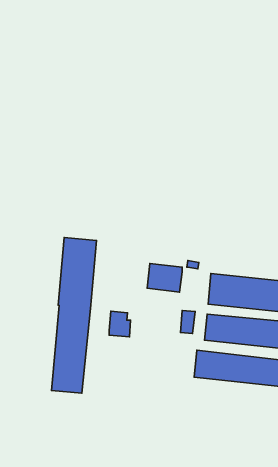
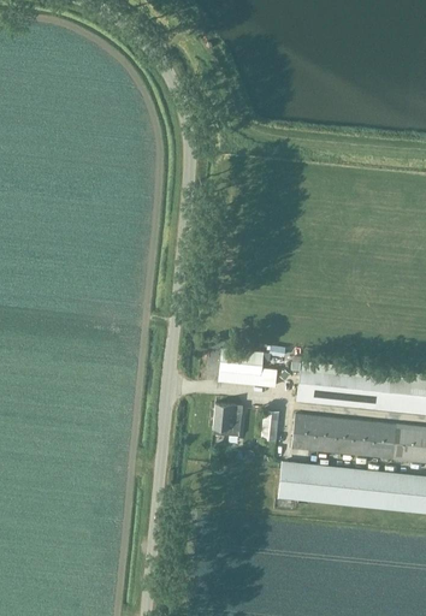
building: [52,238,97,393] -> none
building: [109,311,130,337] -> [214,403,242,437]

